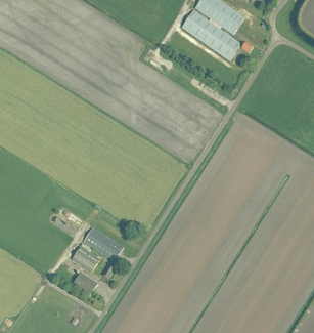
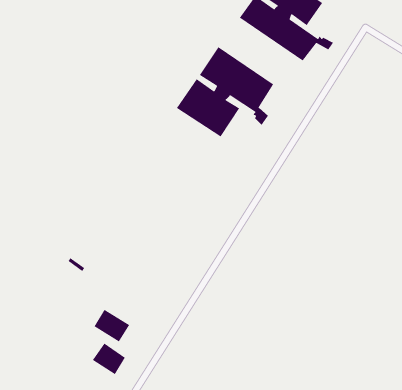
building: none -> [176,46,274,137]
building: [83,227,123,278] -> none

